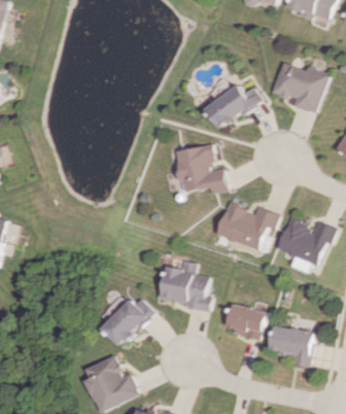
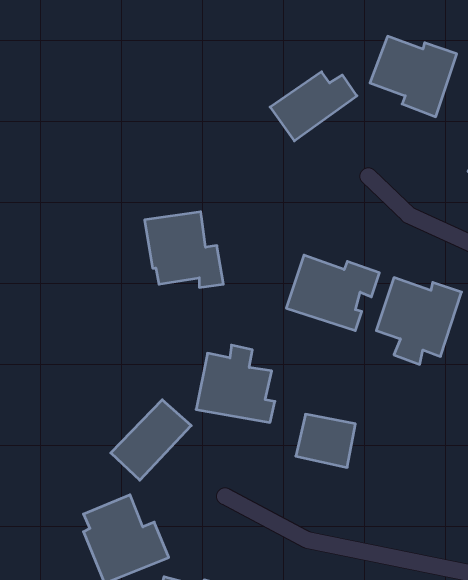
building: [177,144,228,193] -> [145,212,223,287]
building: [267,325,311,366] -> none

